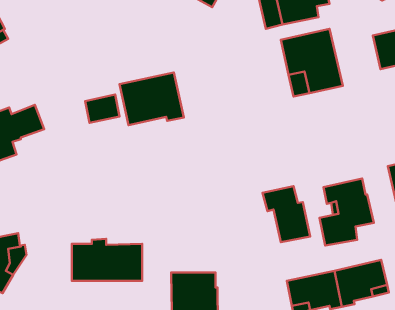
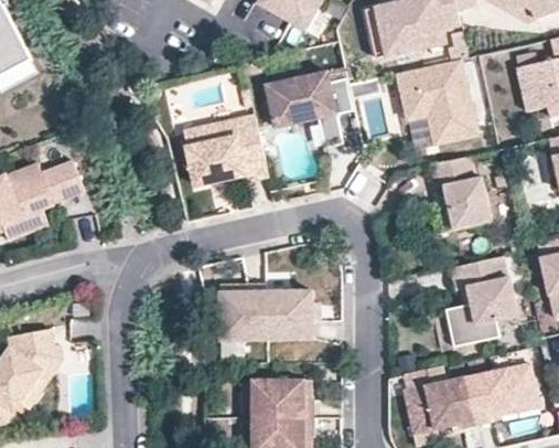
building: none -> [265,56,352,148]
building: [85,95,119,123] -> none
building: [263,186,310,242] -> [428,156,491,230]
building: [72,239,142,281] -> [219,285,312,340]

